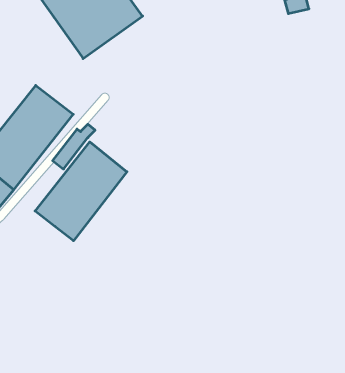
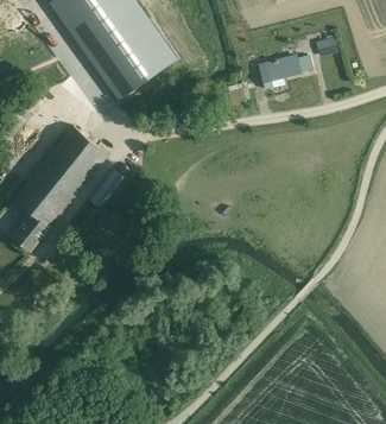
building: none -> [260,56,312,89]
building: [35,142,127,241] -> none

